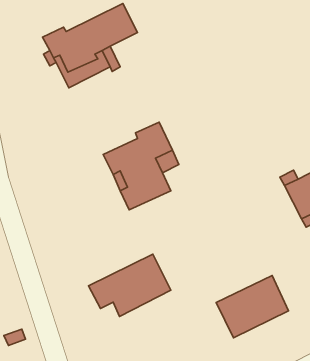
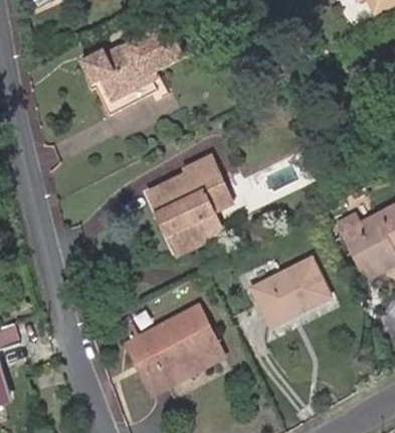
building: [216,276,288,338] -> [248,250,329,319]
building: none -> [141,343,222,387]

